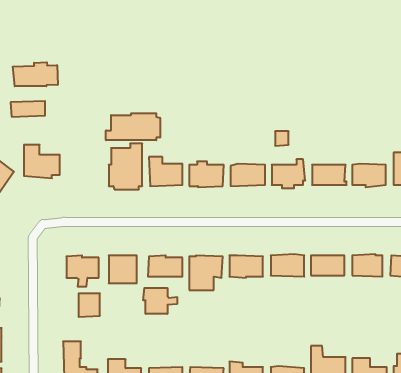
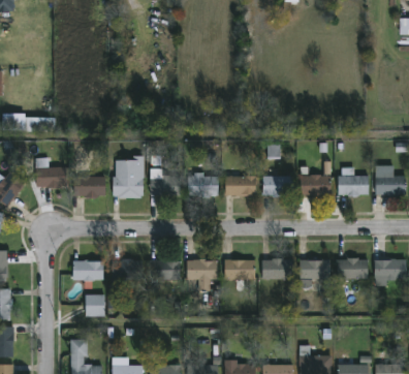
building: [13,62,58,86] -> none
building: [106,113,160,140] -> none
building: none -> [74,167,105,198]
building: [143,288,177,314] -> none

